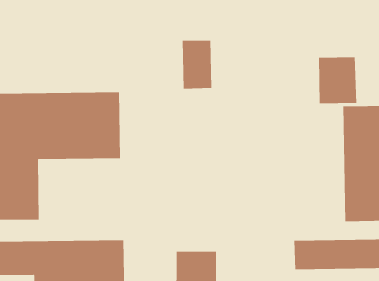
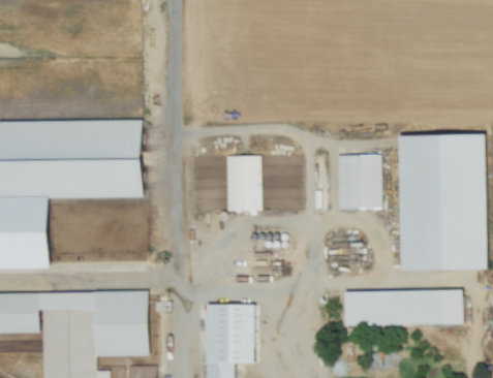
building: [182,40,212,89] -> [225,156,260,213]
building: [318,57,357,104] -> [336,155,381,210]

